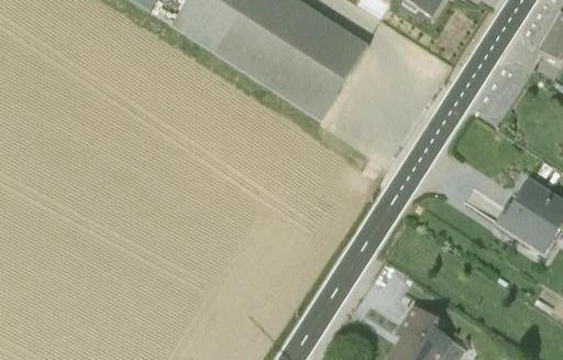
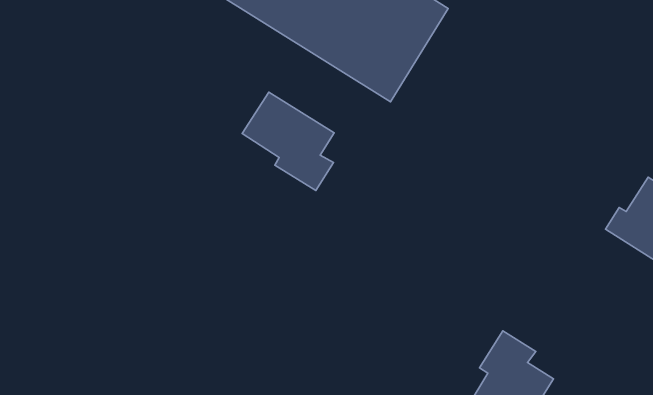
building: none -> [242,92,334,191]

